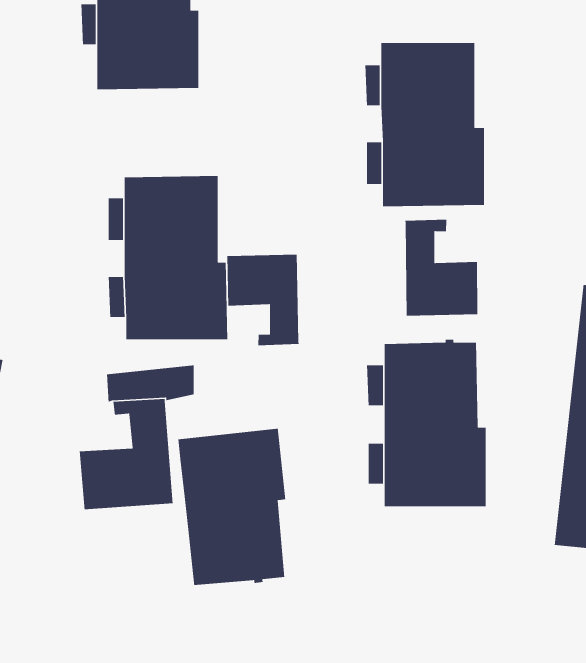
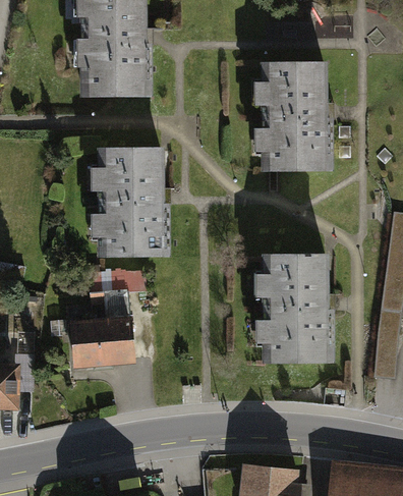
building: [404,219,478,316] -> none
building: [227,254,299,346] -> none
building: [177,428,286,586] -> none

